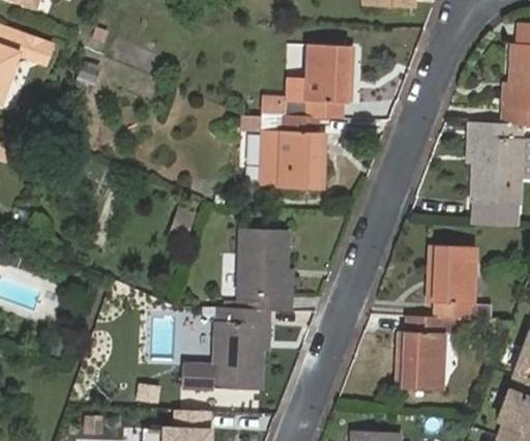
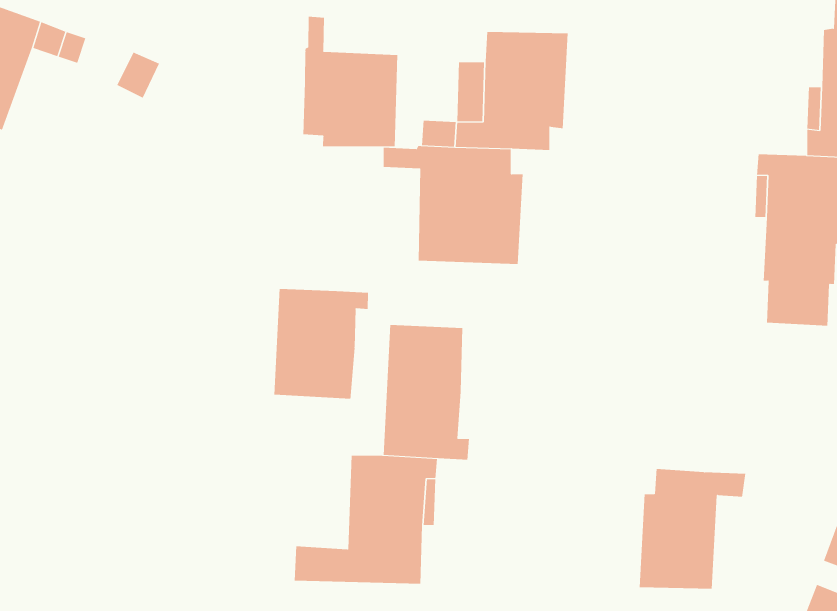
building: none -> [303,16,398,147]
building: none -> [274,288,369,399]
building: [429,245,493,320] -> none

